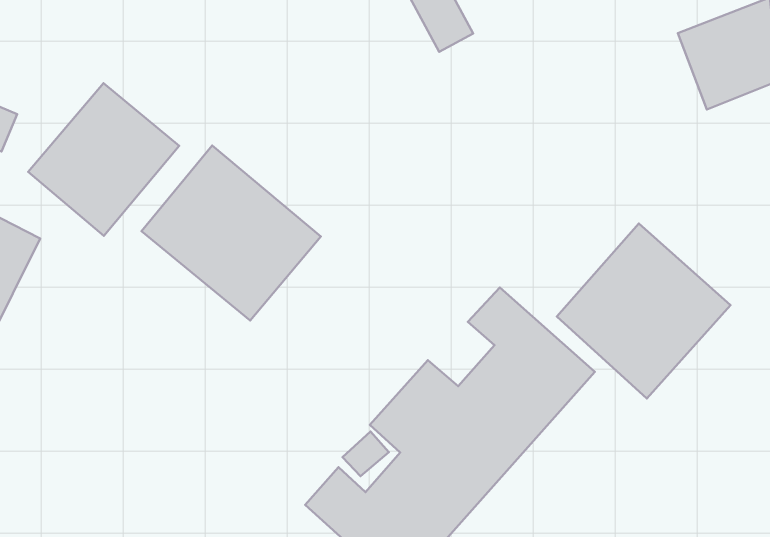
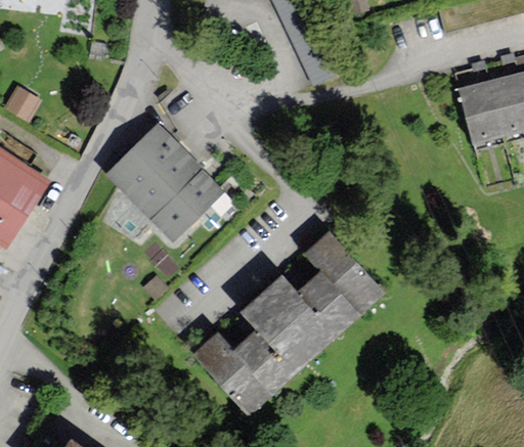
building: [28,83,179,236] -> none
building: [557,224,730,398] -> none

